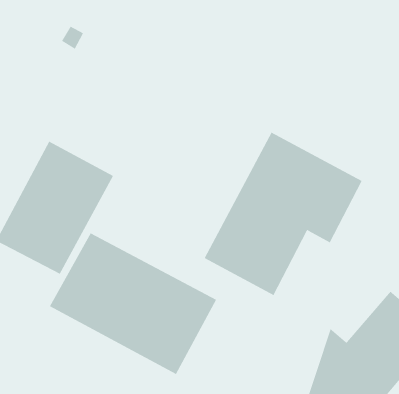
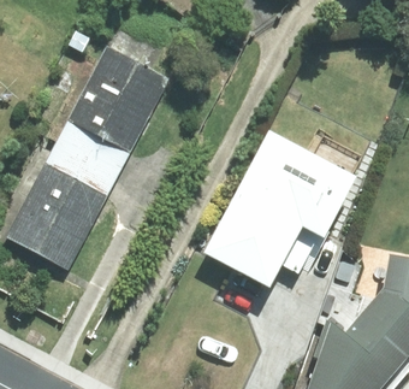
building: none -> [55,24,170,173]
building: [49,232,217,375] -> none

